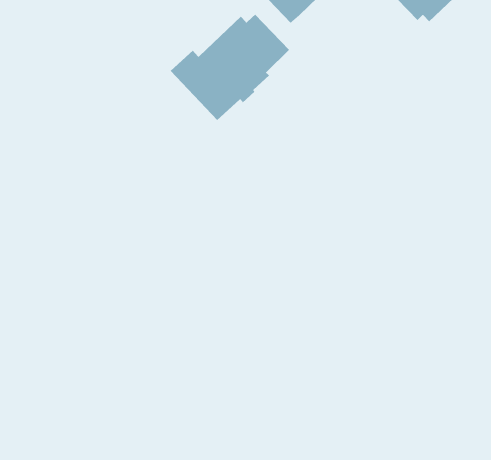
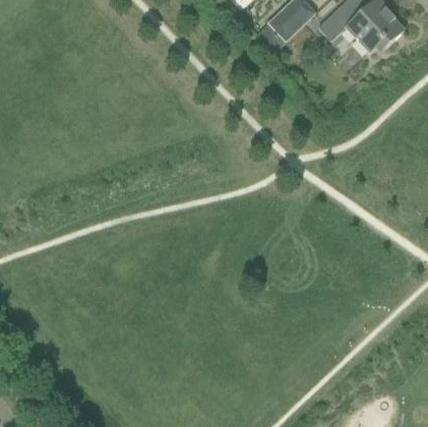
building: [170,14,290,121] -> none

